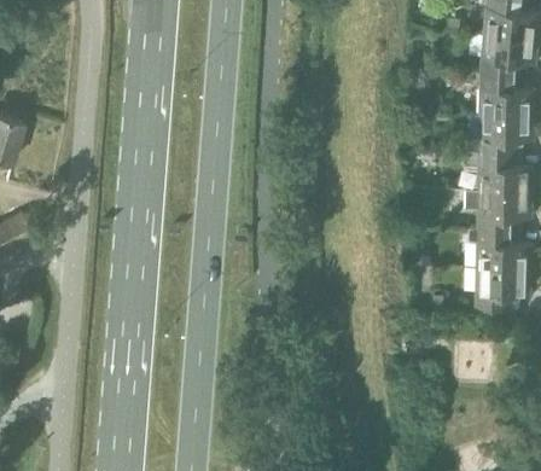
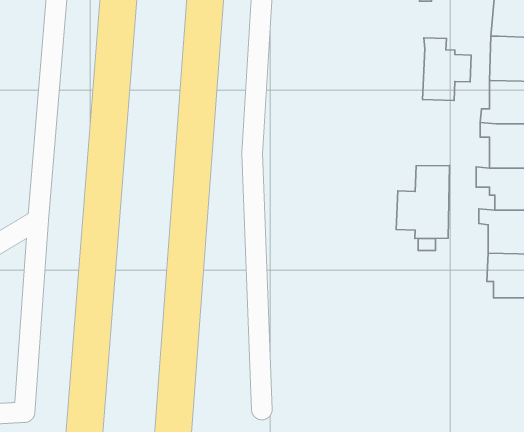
building: none -> [422,38,471,100]
building: none -> [396,166,450,238]

